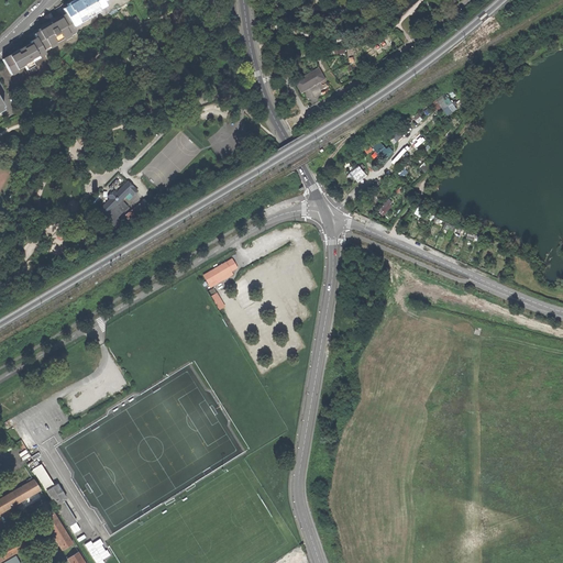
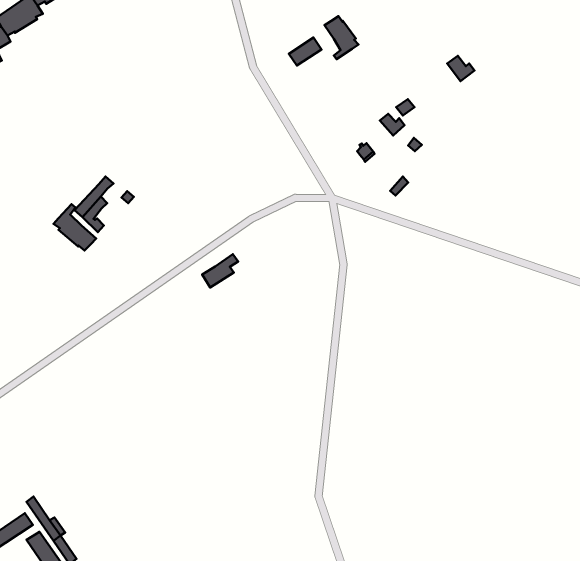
building: none -> [325,16,359,59]
building: none -> [54,204,96,251]

